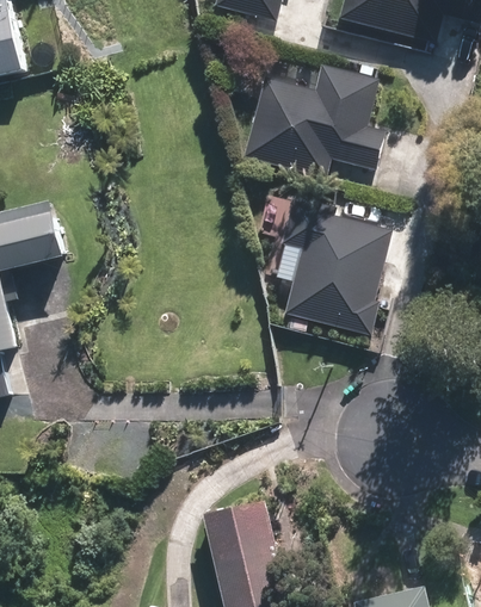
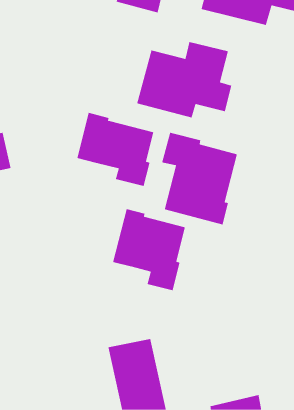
building: none -> [76,112,154,187]
building: none -> [112,208,186,291]

